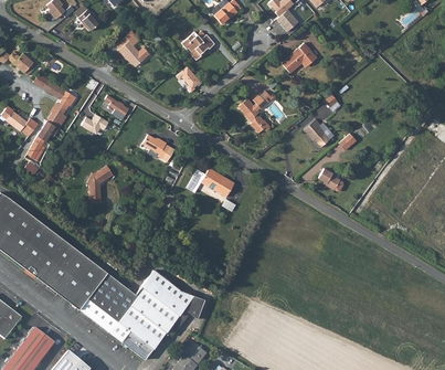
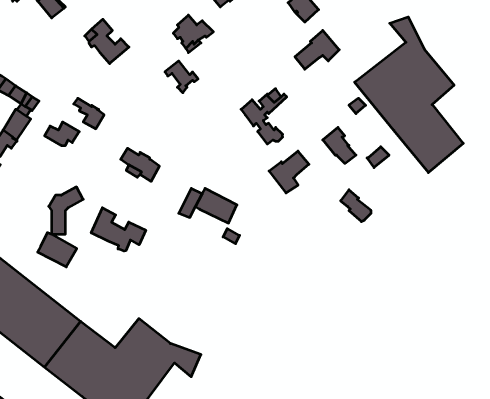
building: none -> [355,17,463,173]
building: none -> [269,151,309,193]
building: none -> [91,208,146,251]
building: none -> [38,233,77,267]

